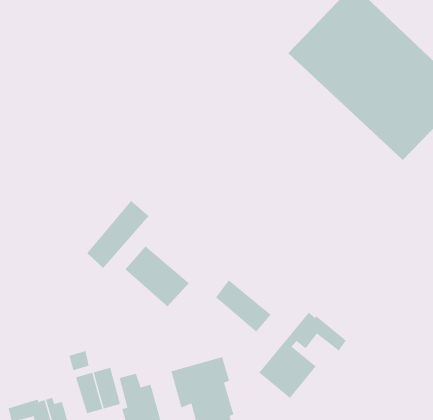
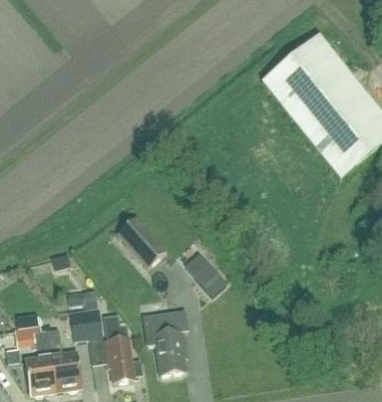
building: [86,200,149,269] -> none
building: [258,312,346,399] -> none

